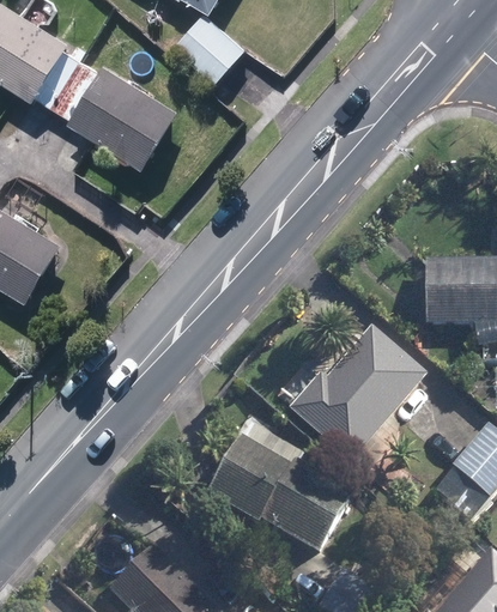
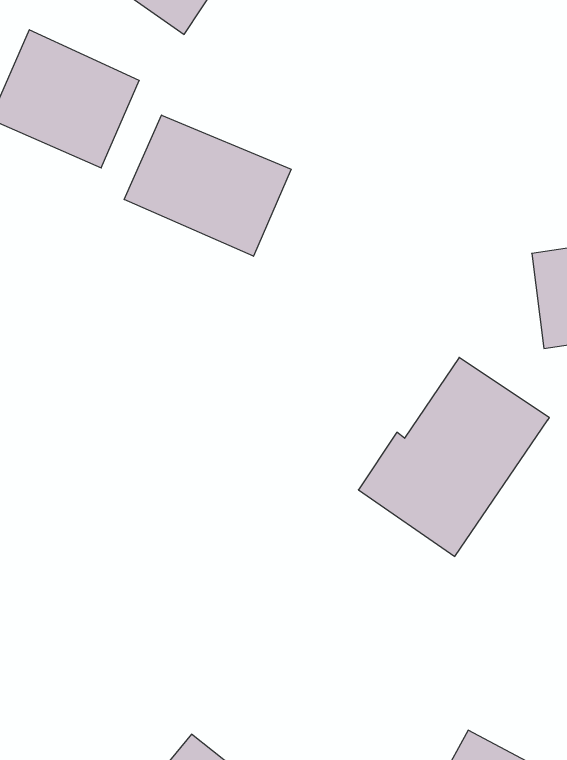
building: none -> [124,115,291,256]
building: [208,435,354,565] -> none

